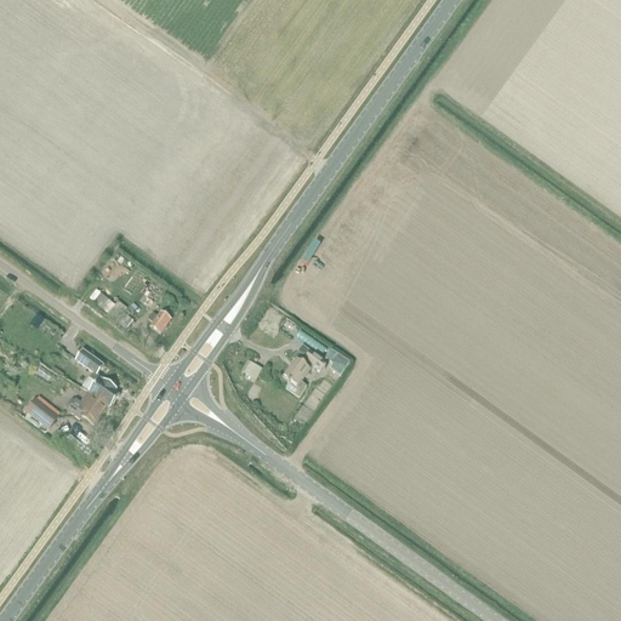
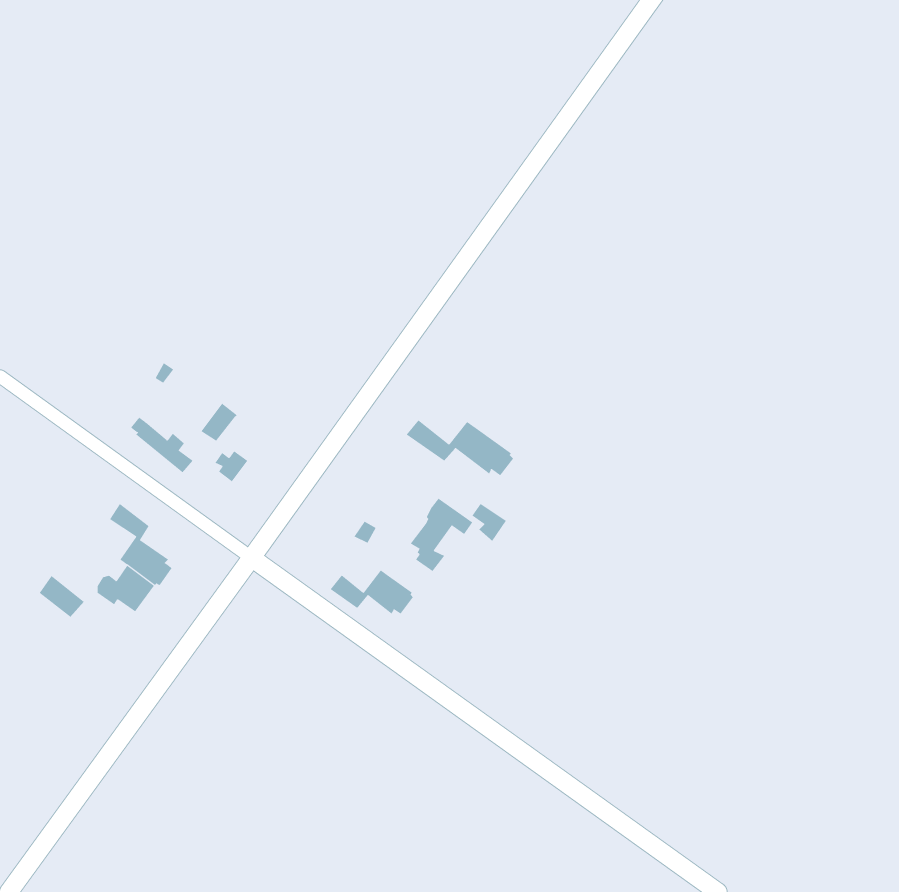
building: none -> [406,420,514,476]
building: none -> [330,570,414,615]

